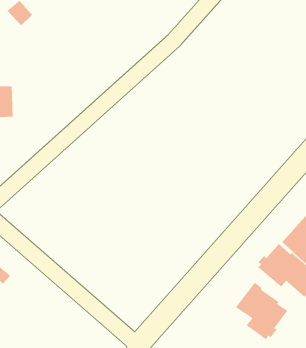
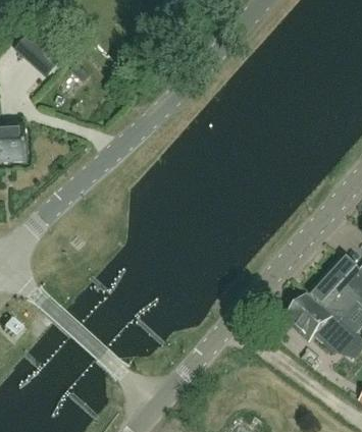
building: [235,282,288,340] -> none

